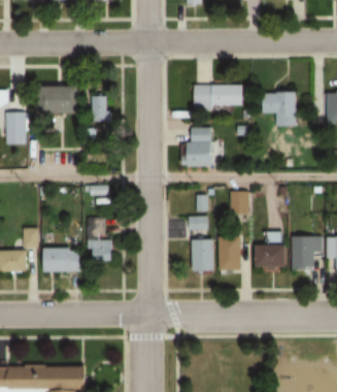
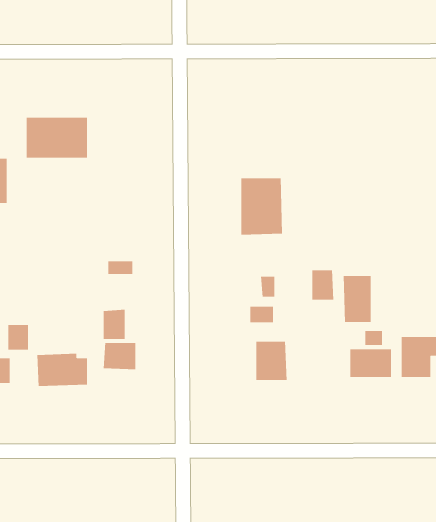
building: [193,86,243,108] -> none
building: [91,93,108,122] -> none
building: [261,93,295,127] -> none
building: [222,235,241,267] -> [343,276,372,323]

